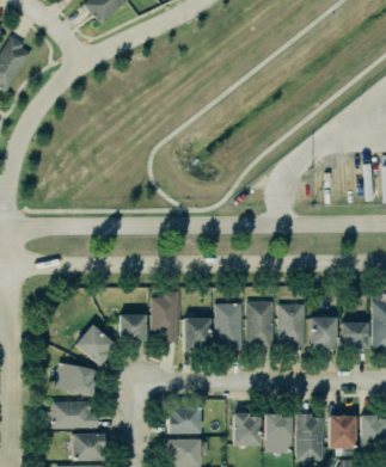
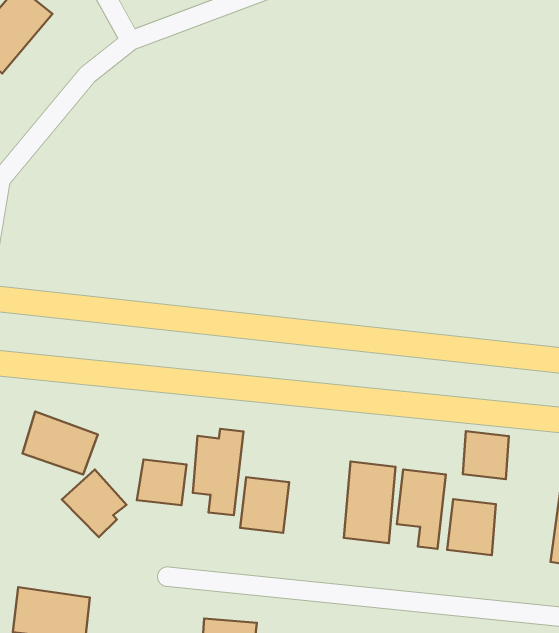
building: [214,302,241,348] -> none
building: [341,321,368,348] -> [463,431,509,479]
building: [55,361,99,395] -> [22,412,98,474]

